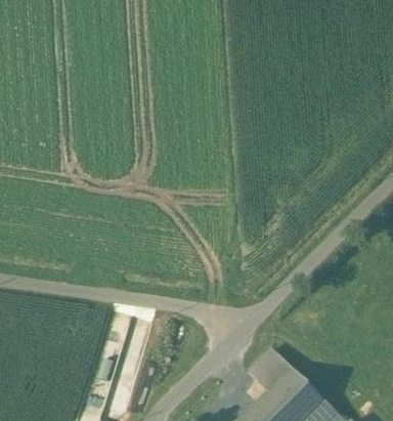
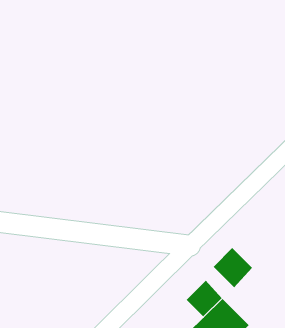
building: none -> [213,247,253,288]

